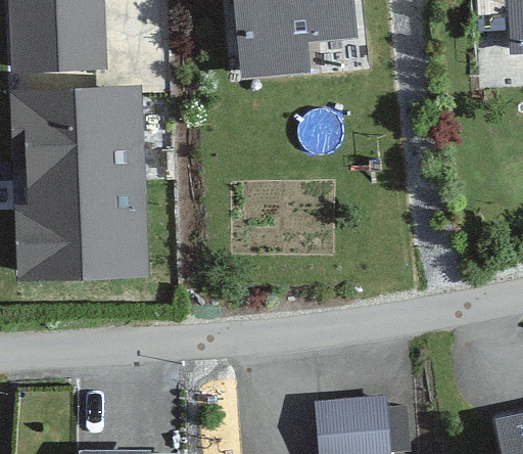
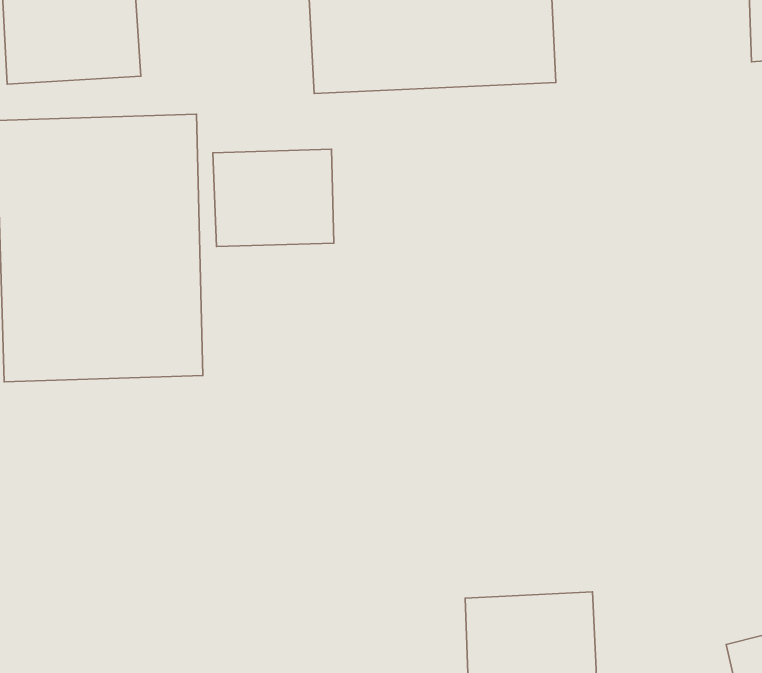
building: none -> [213,149,334,247]

